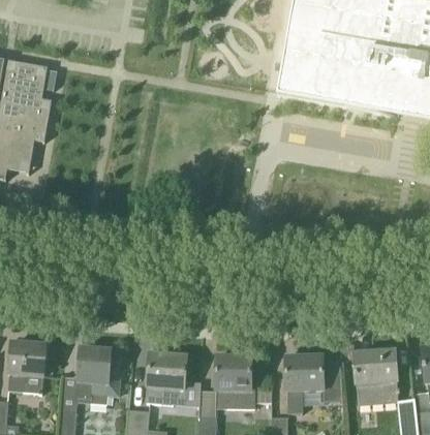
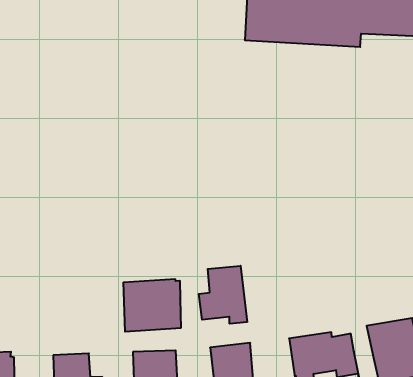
building: none -> [199,266,247,324]
building: none -> [124,279,181,332]

